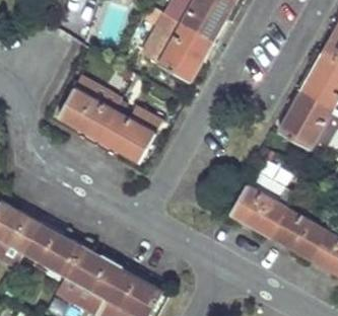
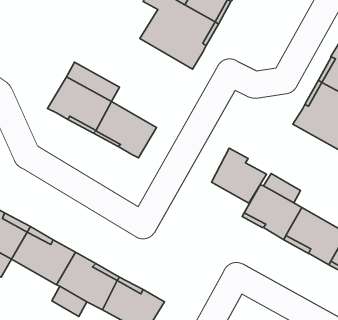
building: none -> [212,148,267,203]

